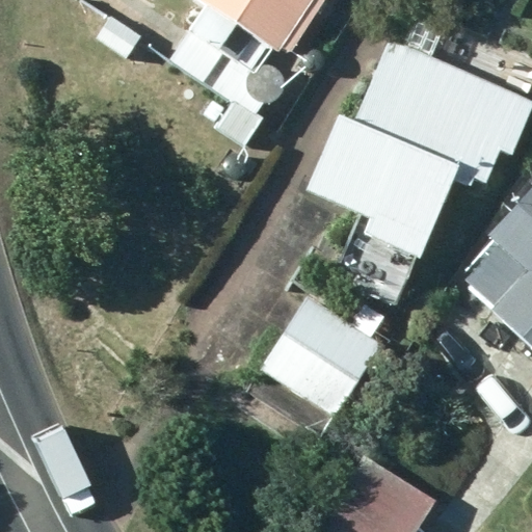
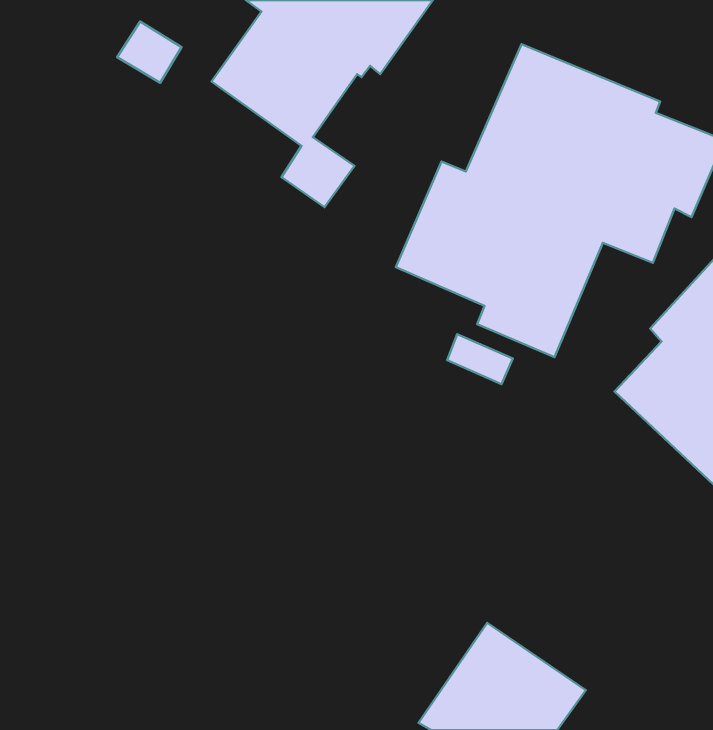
building: [264,295,387,420] -> none

